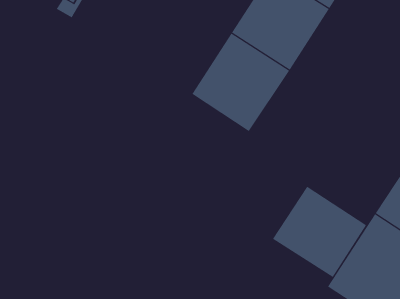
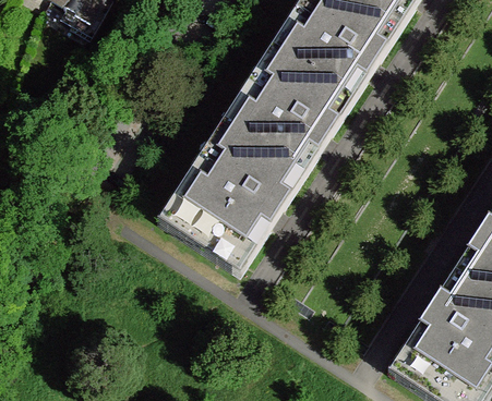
building: none -> [177,118,305,253]
building: [272,186,367,278] -> none

